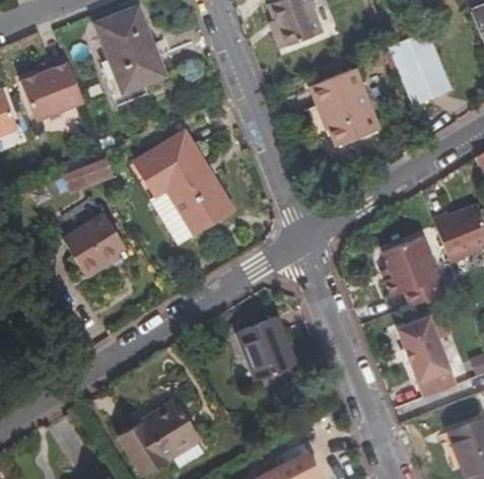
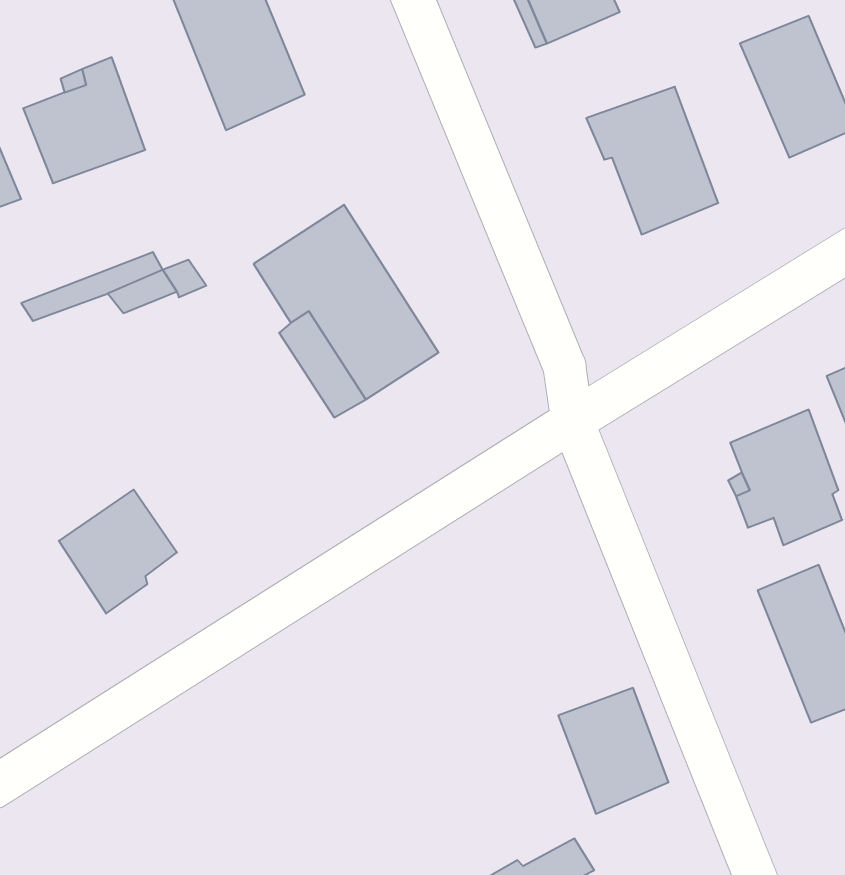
building: [62,212,123,276] -> [59,490,177,614]
building: [243,315,299,380] -> [558,688,669,814]
building: [122,405,195,472] -> none

